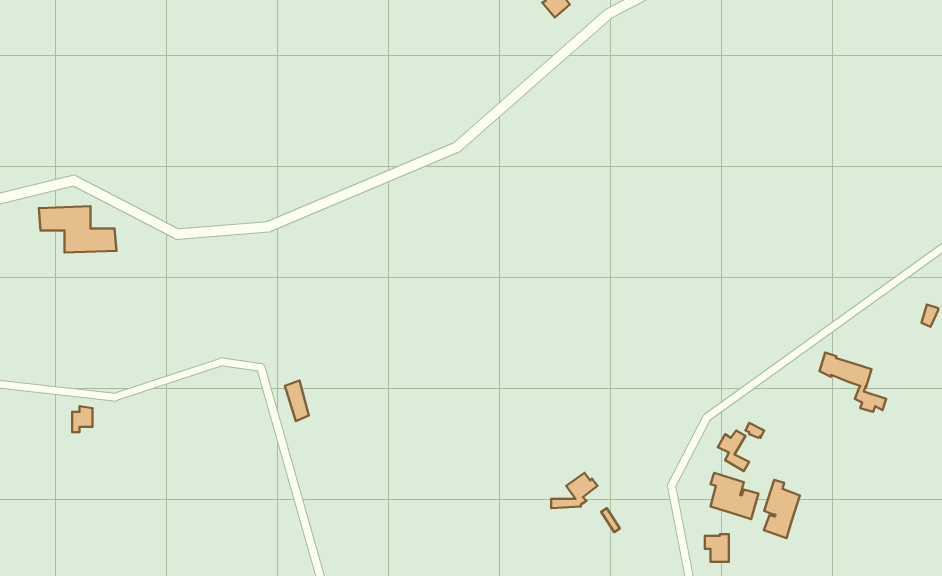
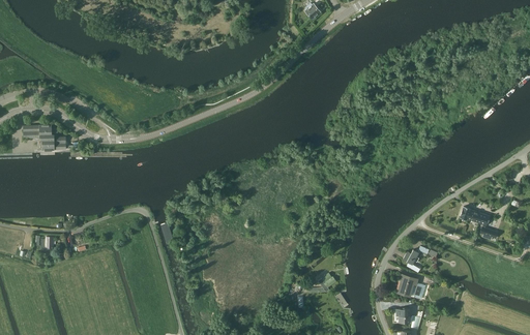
building: [764,480,800,538] -> none

